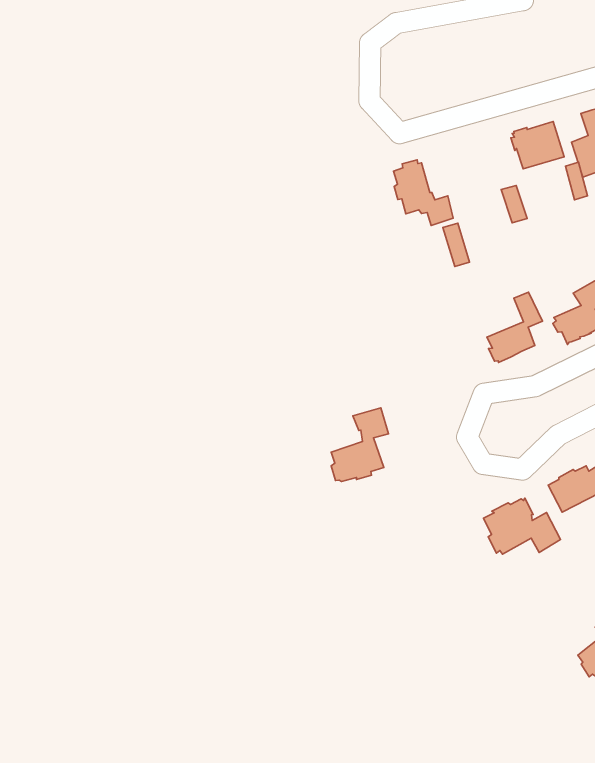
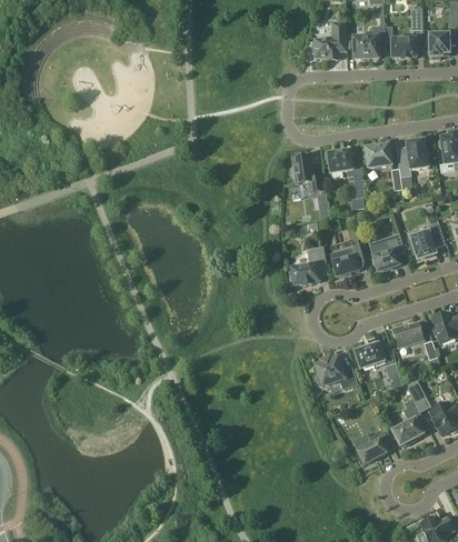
building: none -> [326,149,354,177]
building: [331,408,389,482] -> [290,247,326,285]

